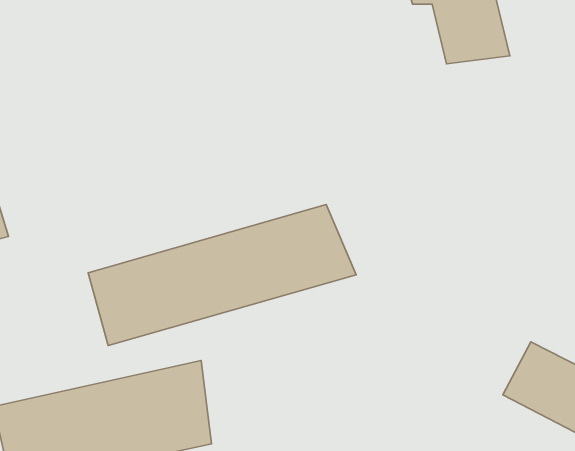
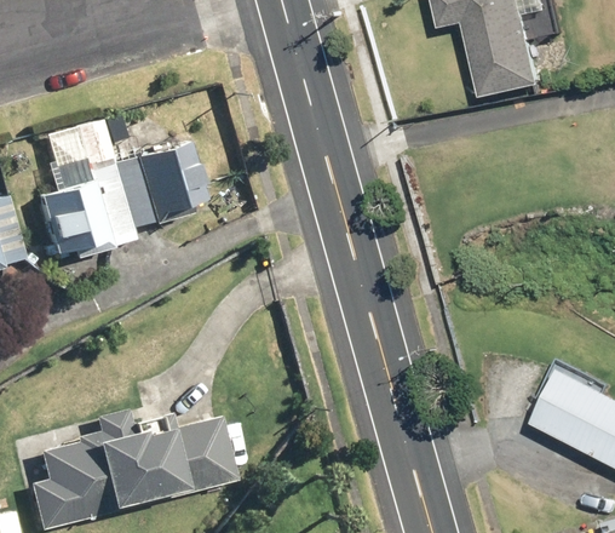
building: none -> [38,121,205,262]
building: [88,204,356,346] -> none

